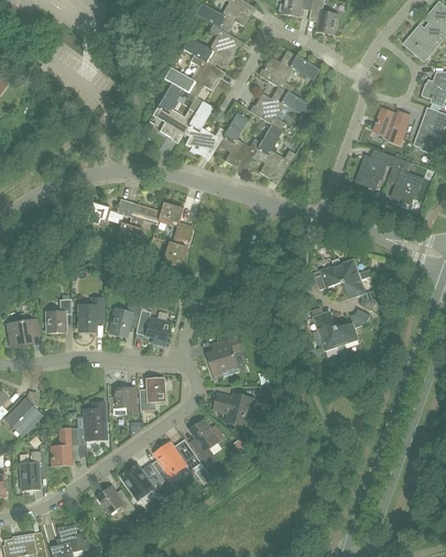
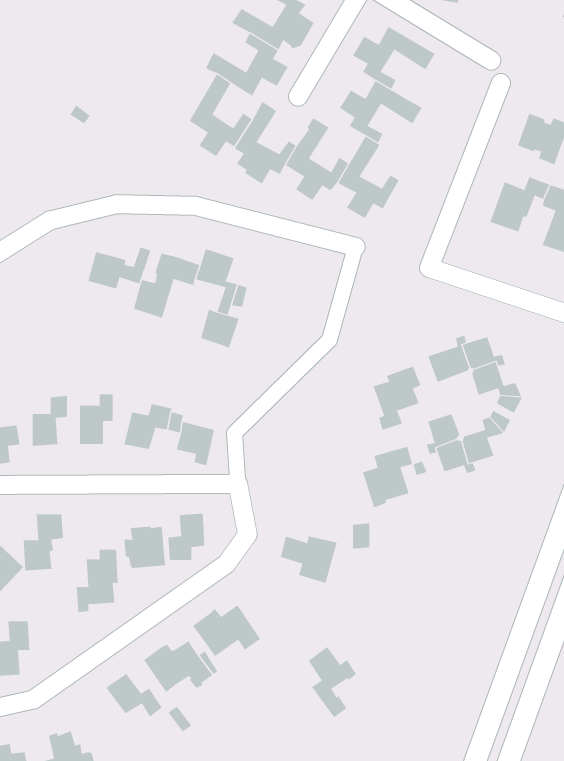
building: none -> [373,366,421,431]
building: [206,336,240,378] -> [362,446,413,508]
building: [189,418,222,467] -> [308,646,357,718]
building: [50,427,77,466] -> [23,514,64,571]

